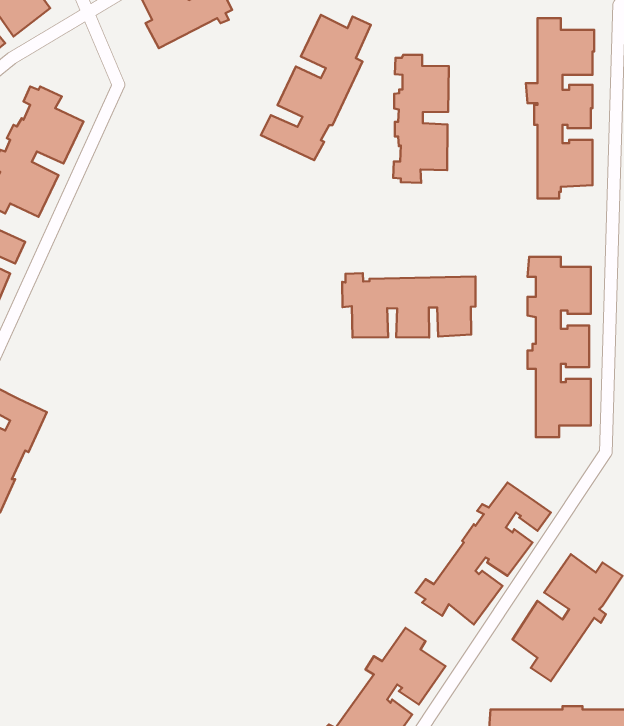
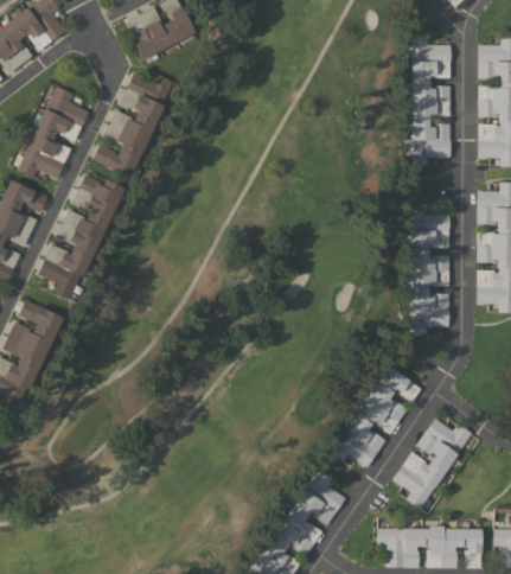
building: [261,15,371,160] -> [92,74,171,177]
building: [393,55,449,183] -> none
building: none -> [38,174,126,299]
building: [342,273,476,338] -> none

